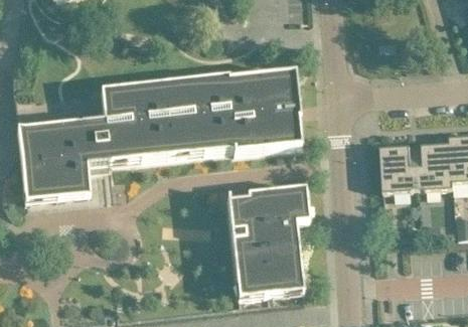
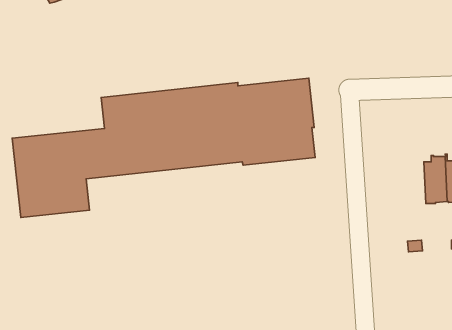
building: [381,146,405,192] -> none
building: [227,189,309,298] -> none

